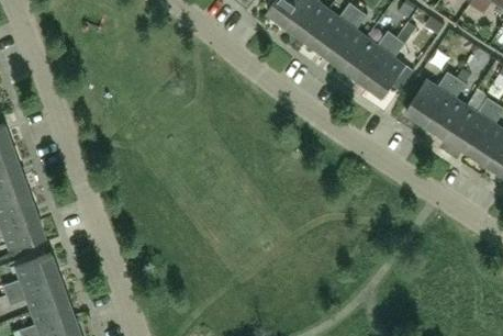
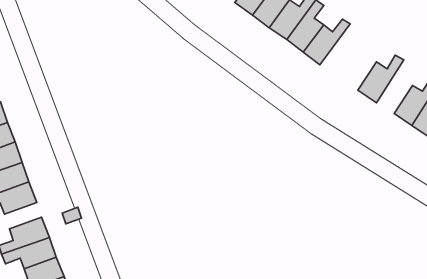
building: [362,37,405,98] -> none
building: [426,78,467,138] -> none

